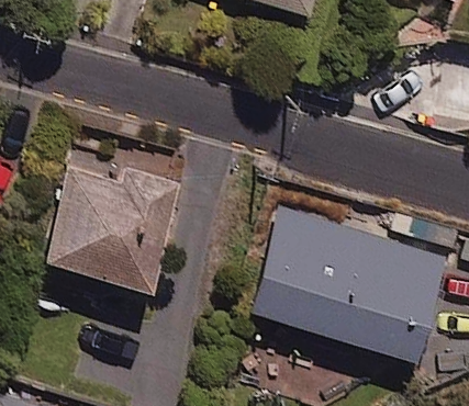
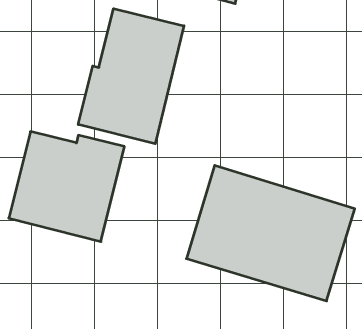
building: none -> [78,9,184,144]

